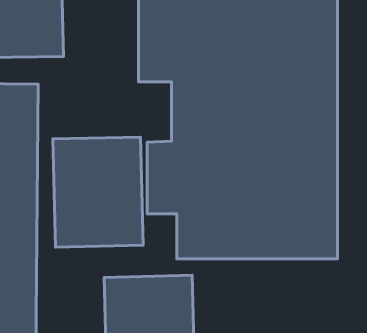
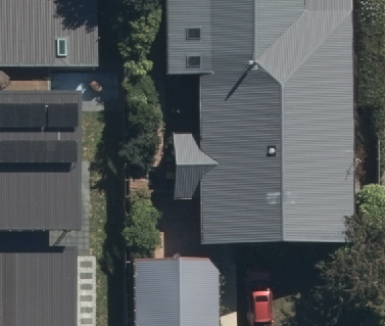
building: [53,137,143,247] -> none

